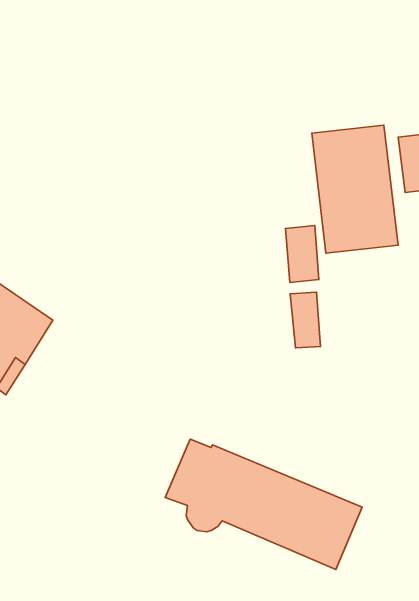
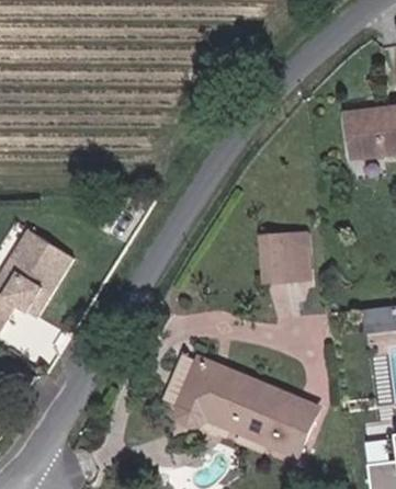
building: [312,125,398,253] -> none
building: [286,226,319,282] -> [281,236,307,281]

